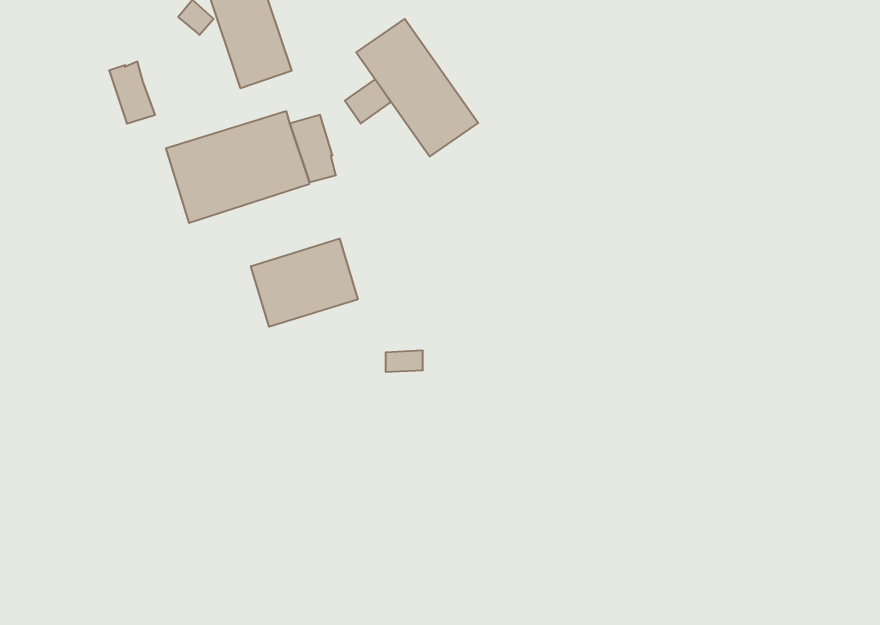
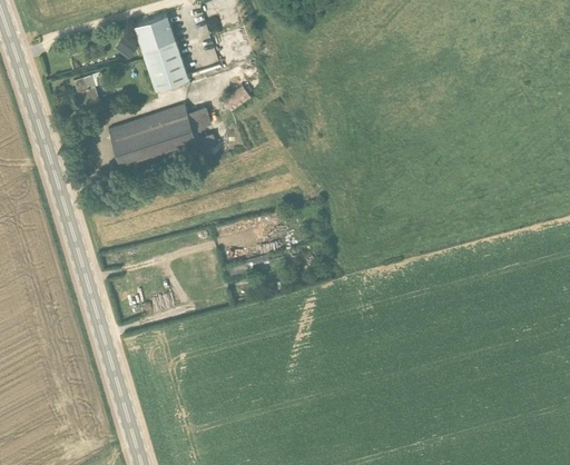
building: [356,19,478,157] -> none
building: [251,239,358,327] -> none

